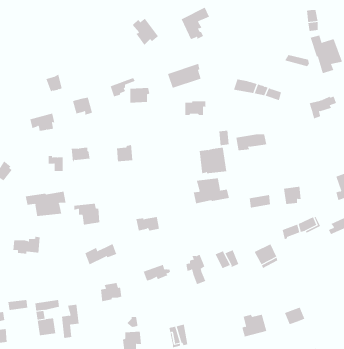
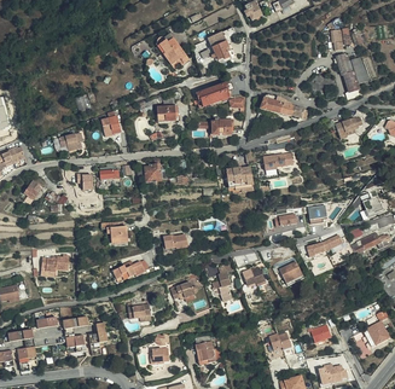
building: [193,177,229,204] -> none
building: [25,191,66,217] -> none

